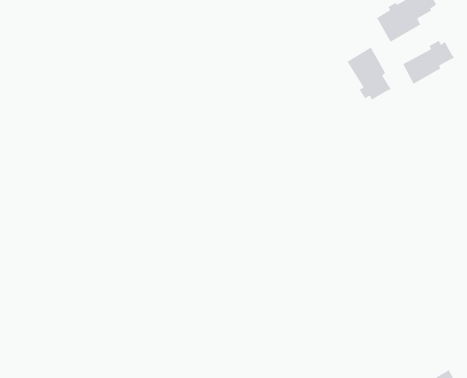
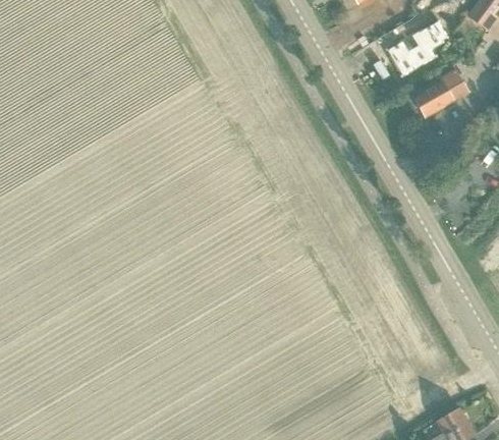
building: [346,46,392,101] -> none

